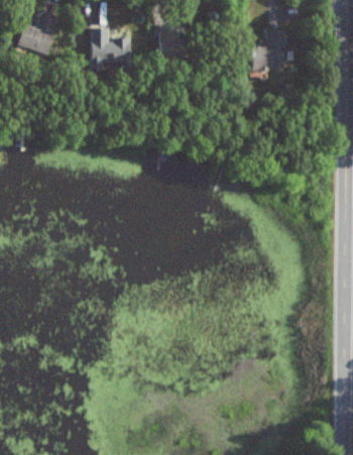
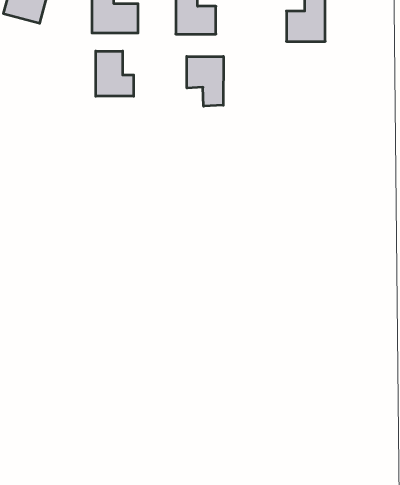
building: none -> [96,51,134,96]
building: none -> [187,56,223,106]

